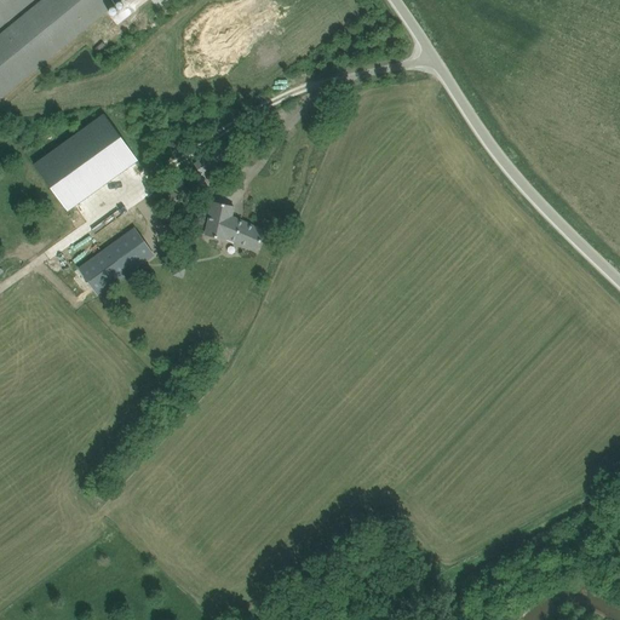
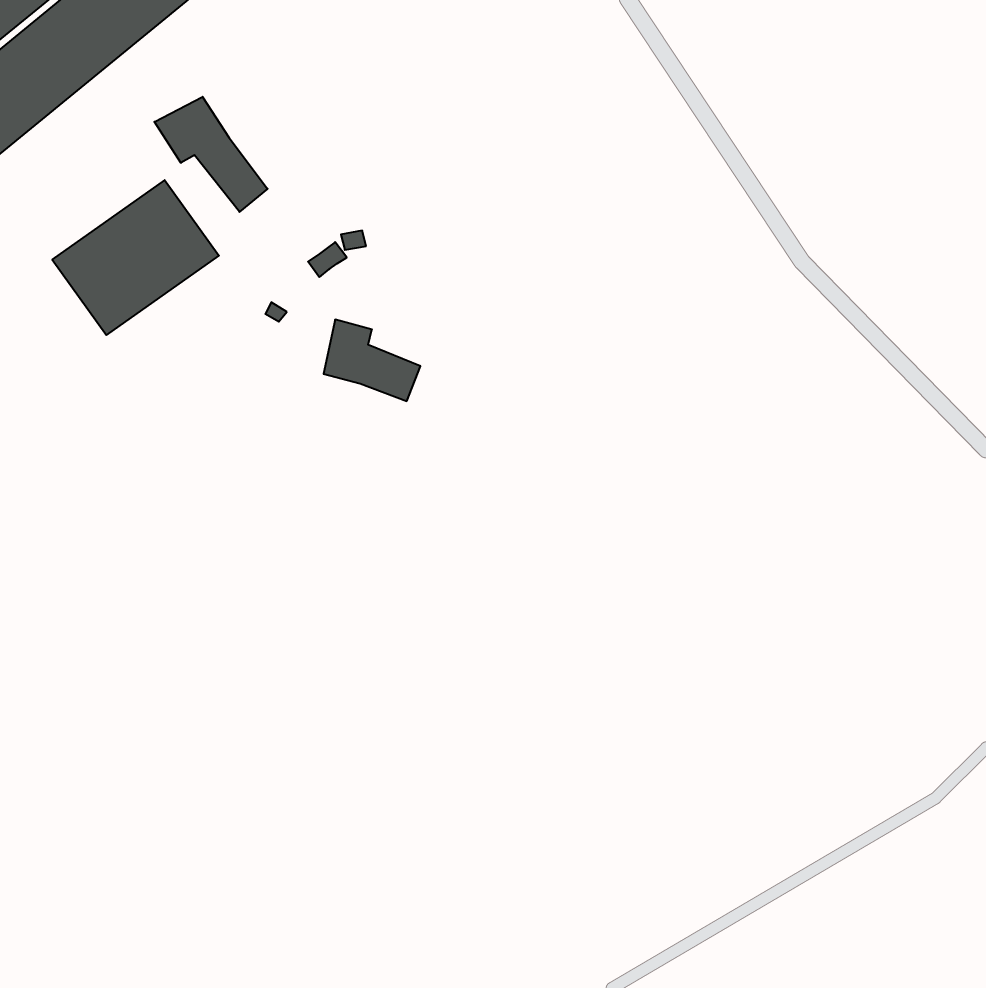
building: none -> [154,97,268,212]
building: [76,225,154,295] -> none

